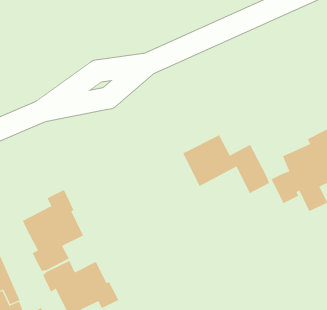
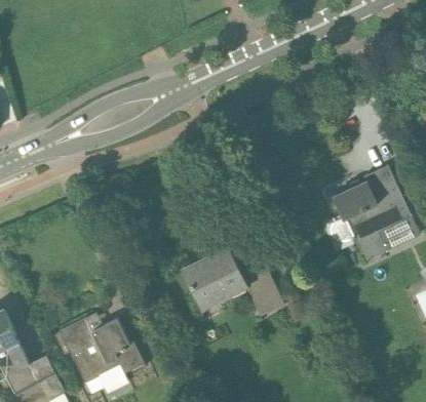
building: [182,135,270,194] -> [184,247,285,316]
building: [22,189,84,271] -> none

